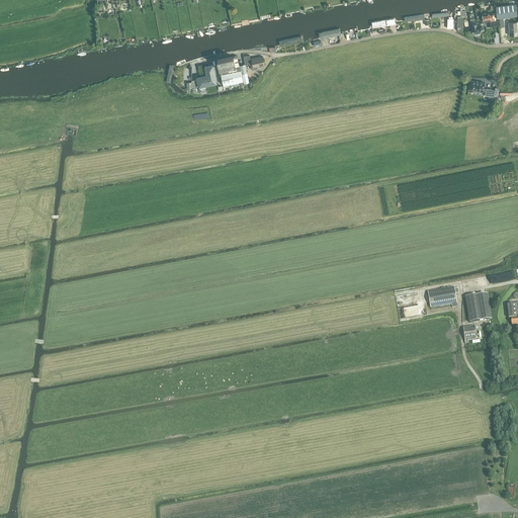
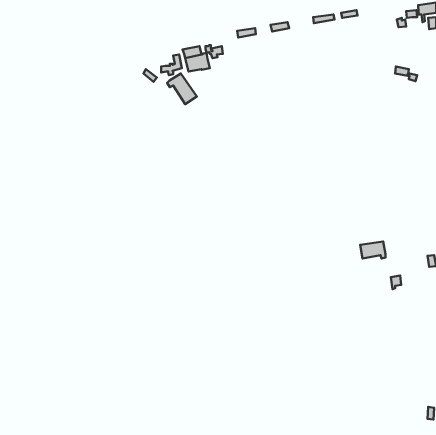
building: none -> [167,74,197,104]
building: [465,292,492,322] -> none

